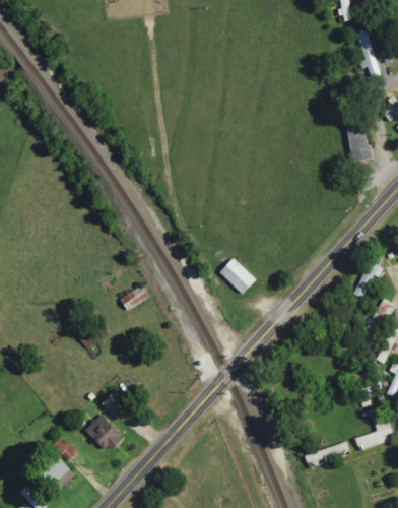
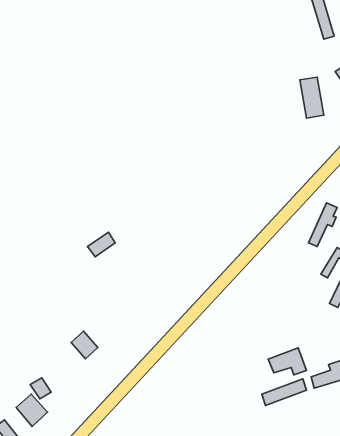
building: [218,257,255,293] -> none
building: none -> [268,348,307,375]
building: [84,414,123,451] -> none

